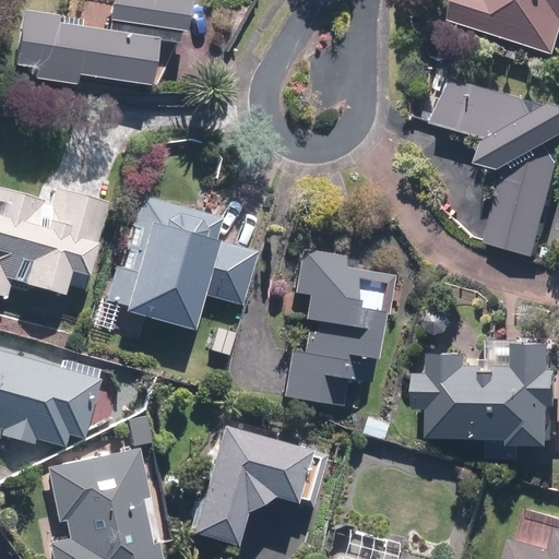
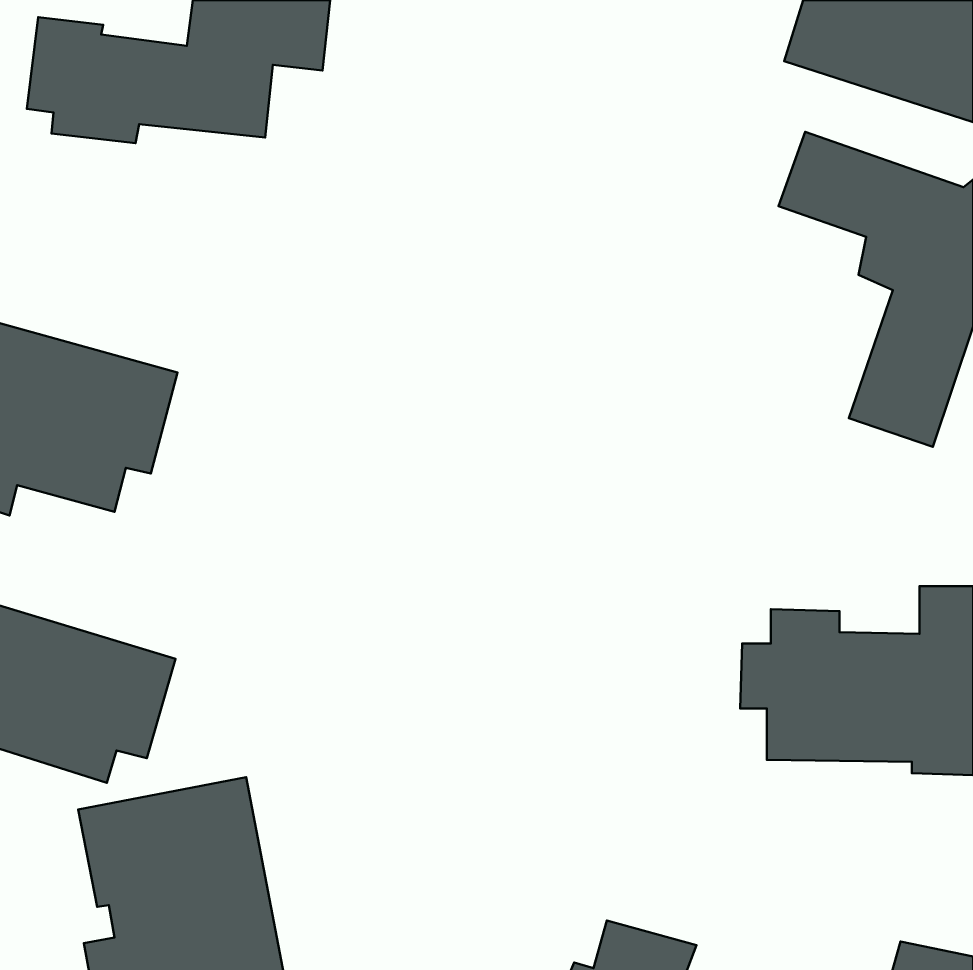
building: [110,191,255,328] -> none
building: [283,248,388,406] -> none
building: [188,416,320,545] -> none

